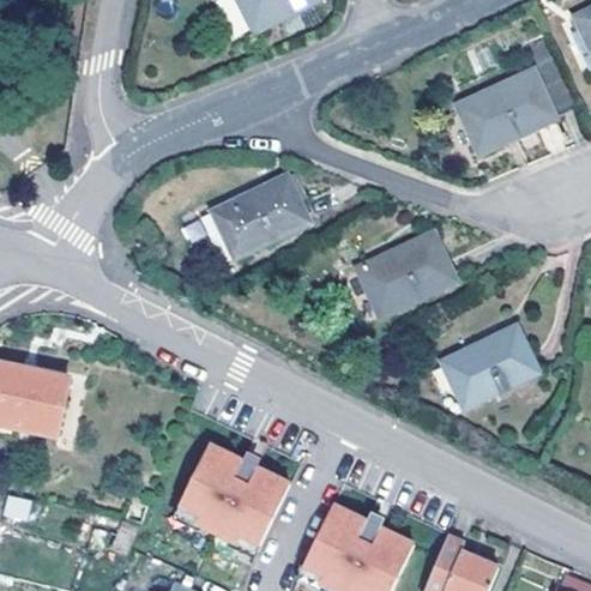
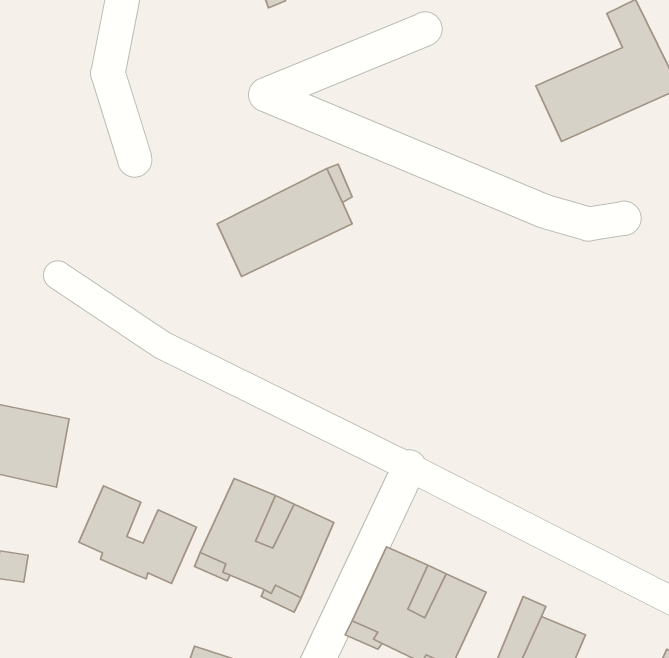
building: [356,234,451,314] -> none
building: [439,326,533,408] -> none
building: none -> [79,486,196,583]

